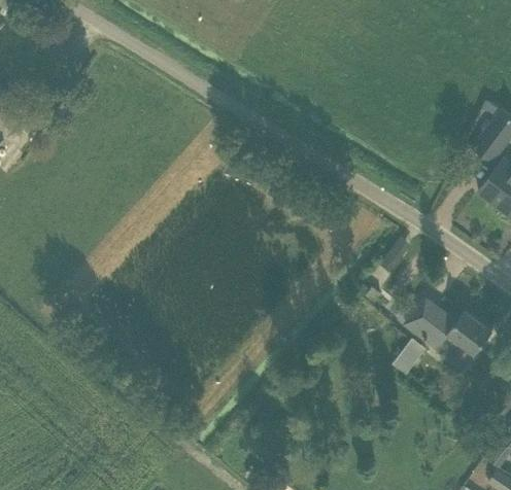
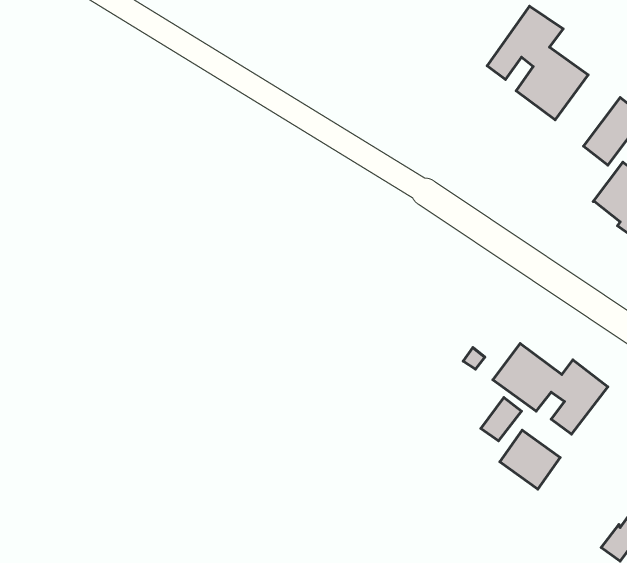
building: none -> [487,6,588,120]
building: none -> [500,430,560,489]

